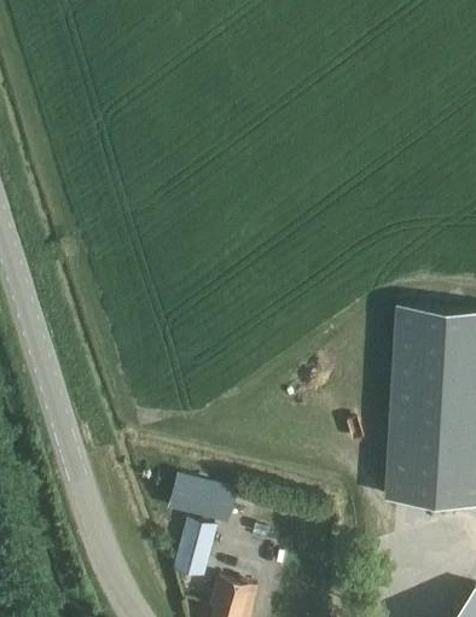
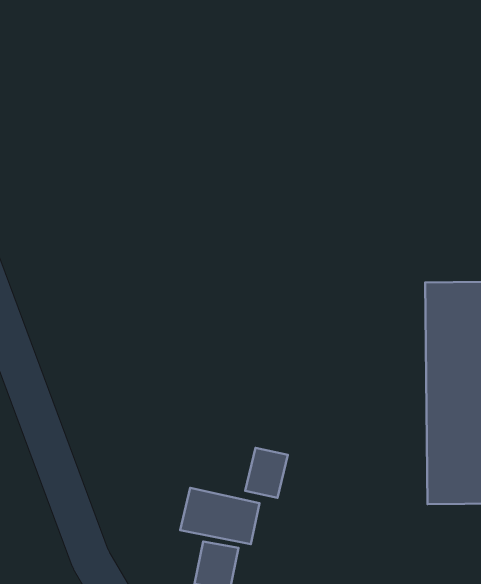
building: none -> [245,448,288,498]

